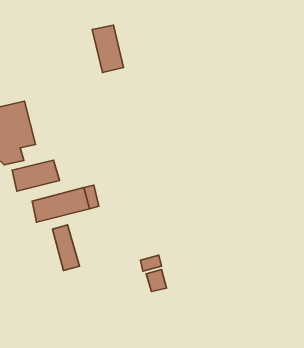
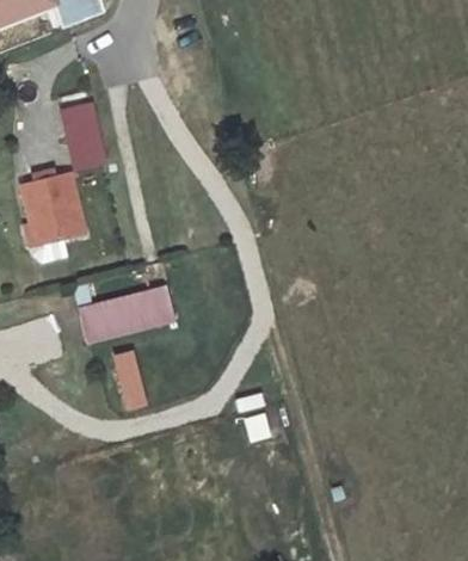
building: [92,25,124,73] -> [62,101,106,168]
building: [12,160,59,191] -> none

